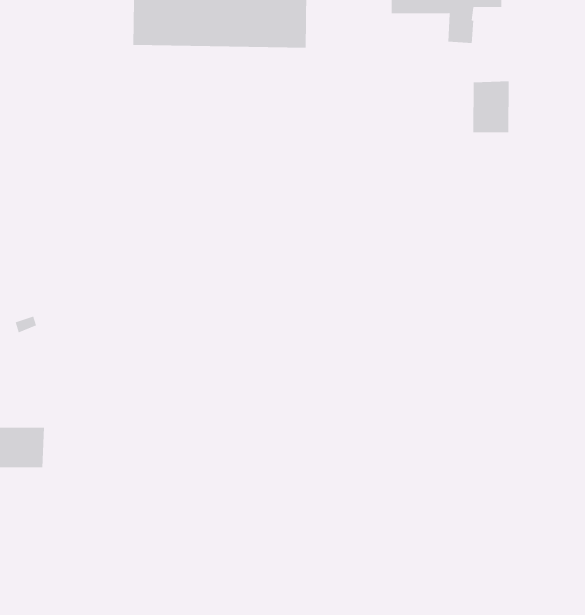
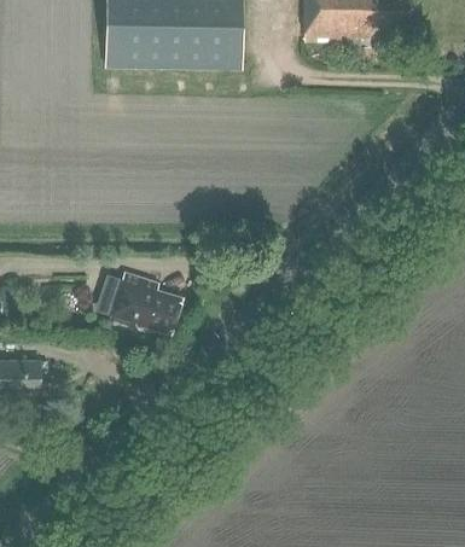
building: [473,81,509,133] -> none
building: none -> [103,273,181,333]

